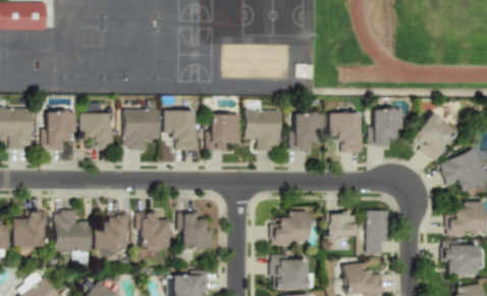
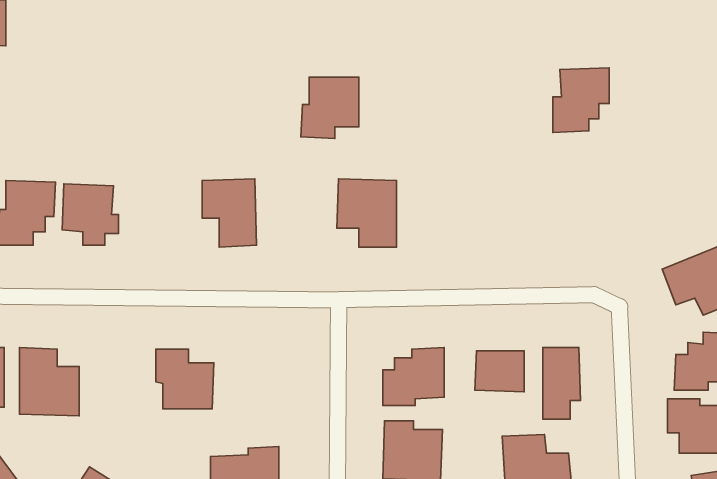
building: [123,108,160,149] -> none
building: [369,108,402,147] -> [553,68,609,133]
building: [330,112,362,152] -> none
building: [410,112,457,160] -> none
building: [206,113,240,150] -> [301,77,359,139]
building: [290,113,324,151] -> none
building: [95,210,127,250] -> none
building: [178,212,213,249] -> none

